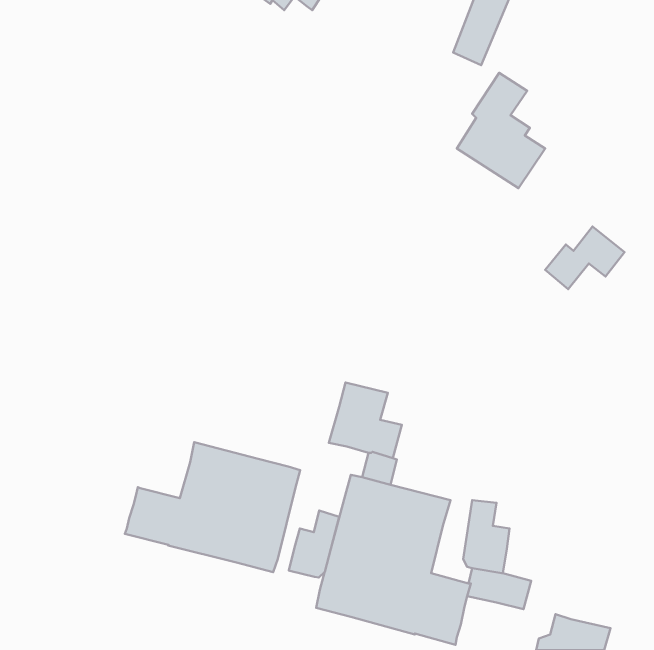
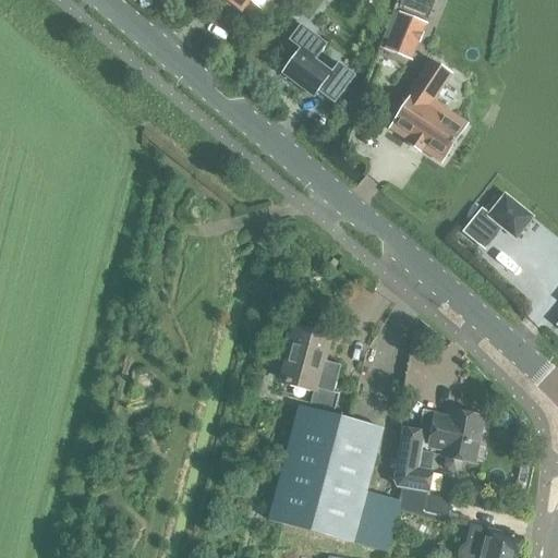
building: none -> [282,21,353,100]
building: [125,442,300,572] -> none
building: none -> [429,411,482,469]
building: [289,511,339,577] -> none

